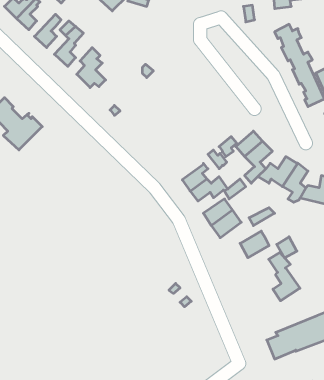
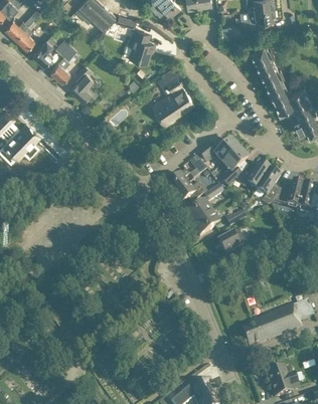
building: none -> [130,30,154,63]
building: none -> [152,77,194,126]
building: [269,253,300,301] -> none

